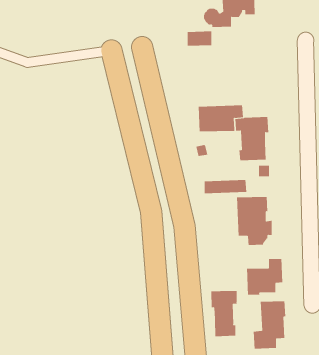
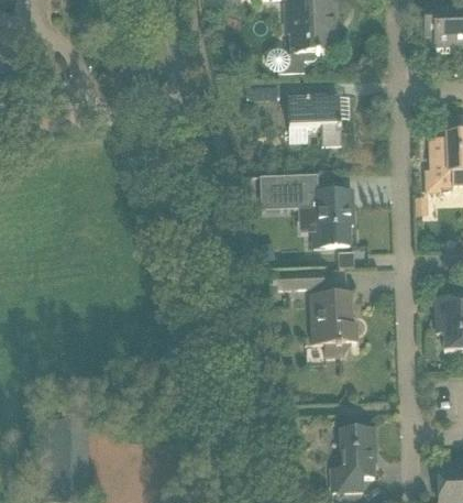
building: none -> [288,96,341,144]
building: [246,258,283,295] -> none
building: [211,290,237,337] -> none

